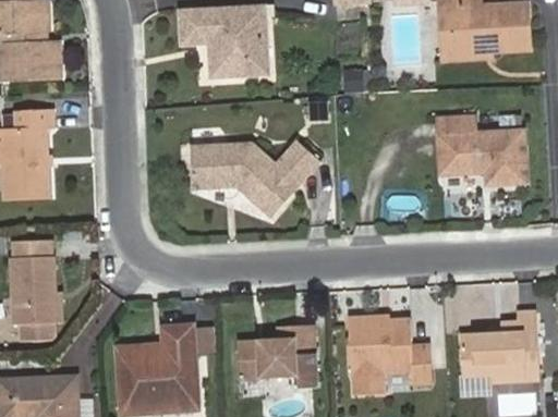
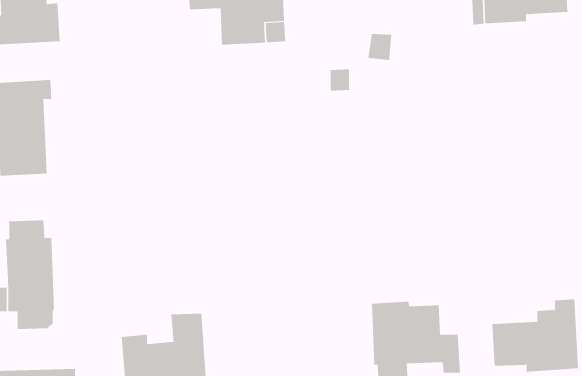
building: [438,118,524,182] -> none
building: [190,138,322,218] -> none
building: [238,323,316,379] -> none

